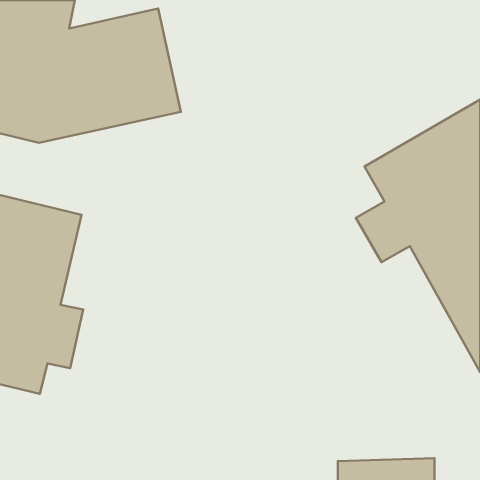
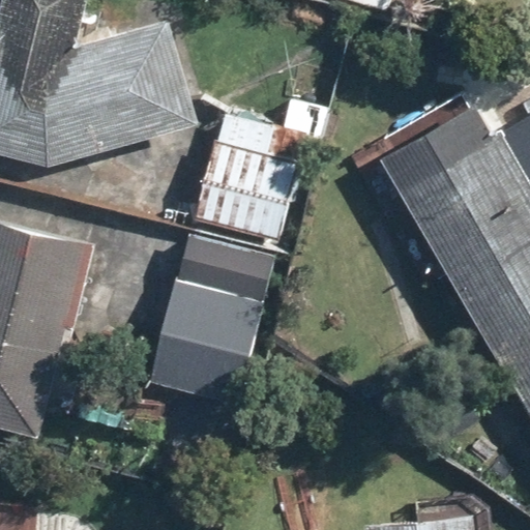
building: none -> [190,93,330,243]
building: none -> [154,236,274,401]

